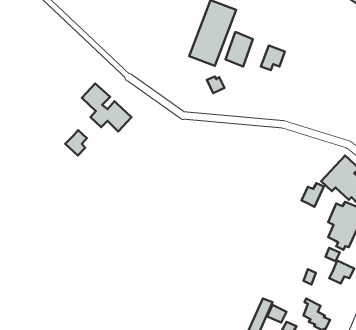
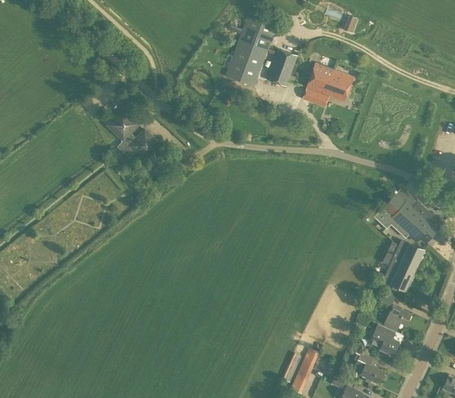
building: none -> [303,70,354,104]
building: [65,130,87,156] -> none
building: [301,183,324,207] -> none
building: none -> [368,323,399,354]

